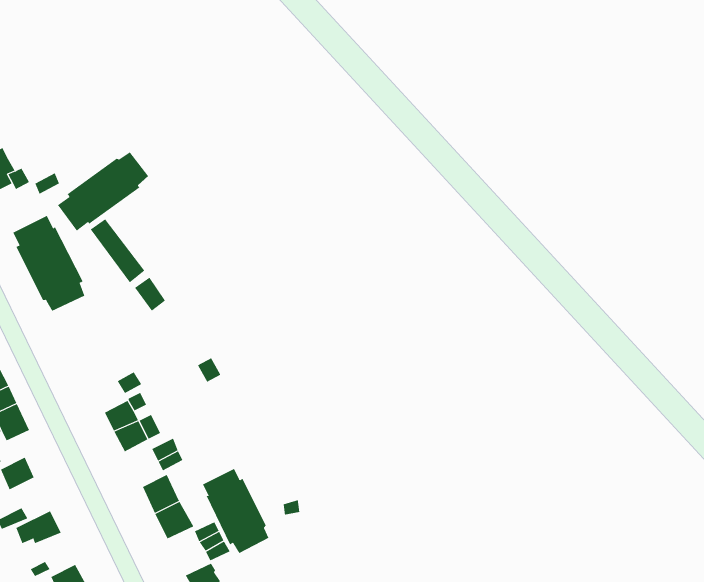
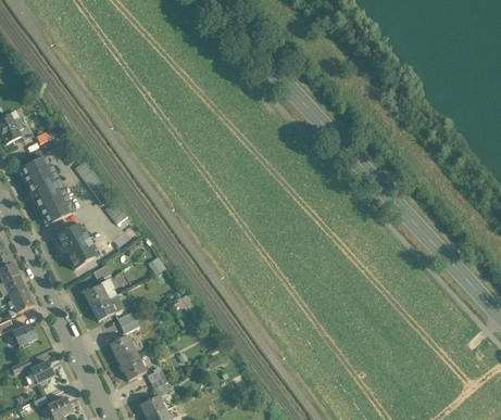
building: [57,152,149,232] -> none
building: none -> [55,225,96,269]
building: [202,468,269,554] -> none

